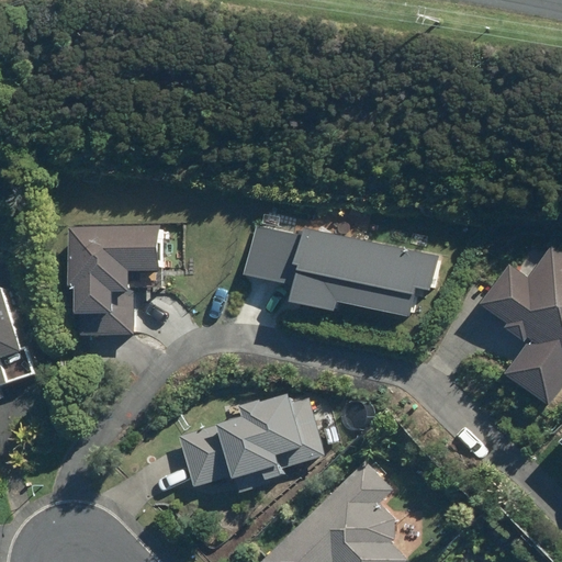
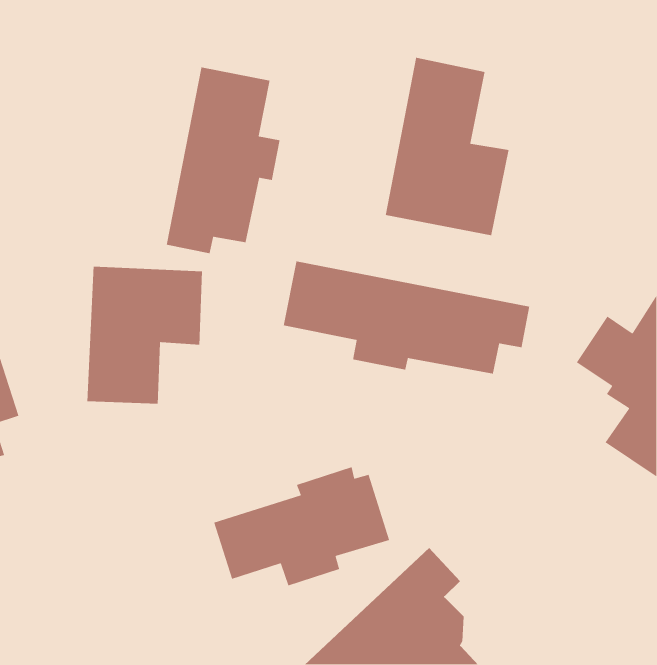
building: none -> [385,57,510,236]
building: none -> [166,67,280,254]

